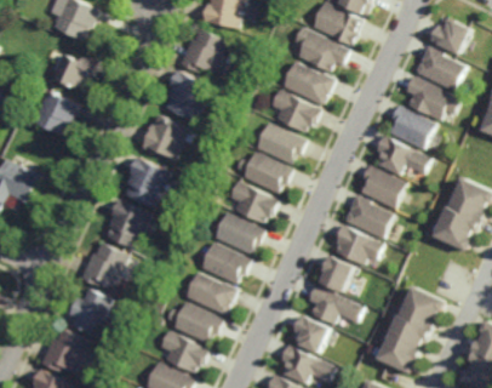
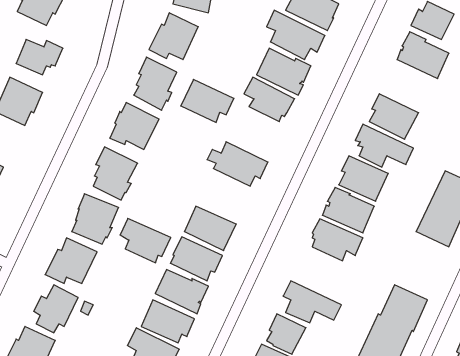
building: [405,74,460,119] -> none
building: [253,121,304,162] -> [181,79,234,122]
building: [227,181,275,223] -> [120,218,171,263]
building: [315,253,353,292] -> none

